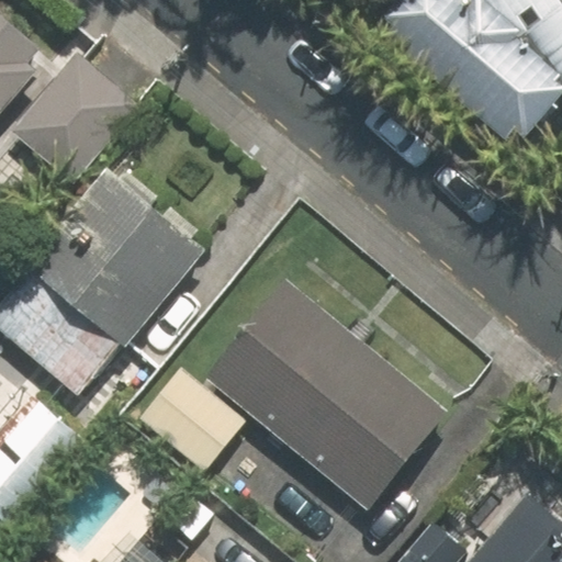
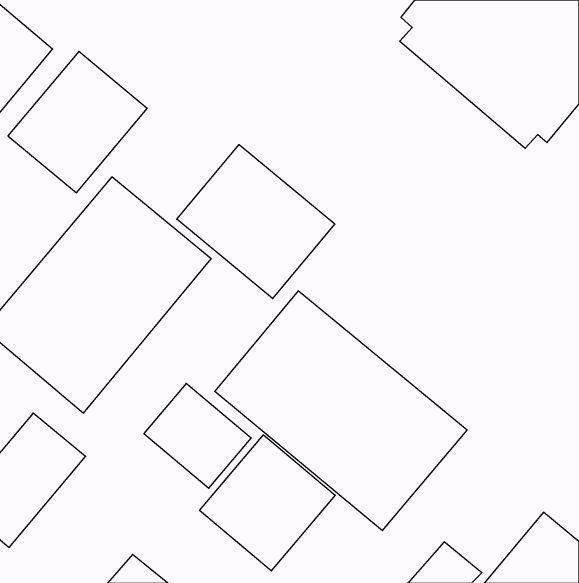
building: none -> [177,145,335,299]
building: none -> [200,435,335,571]

